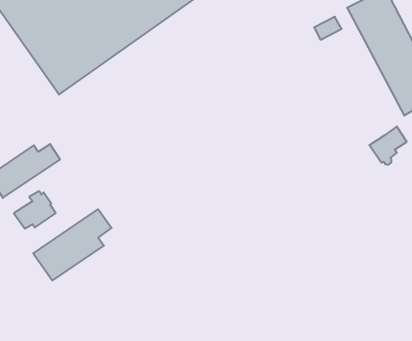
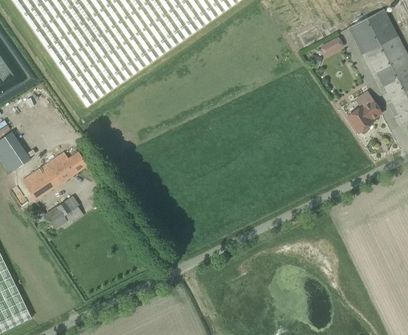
building: [369,126,407,165] -> [347,97,381,132]
building: [33,209,112,280] -> none

